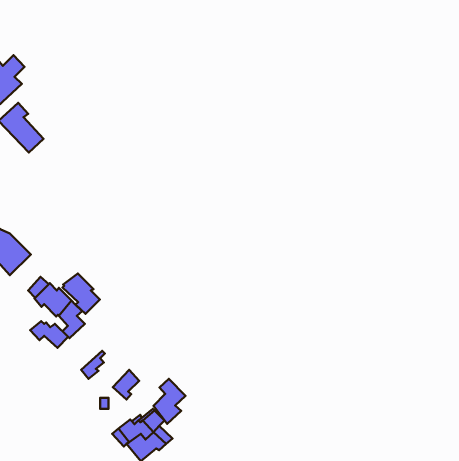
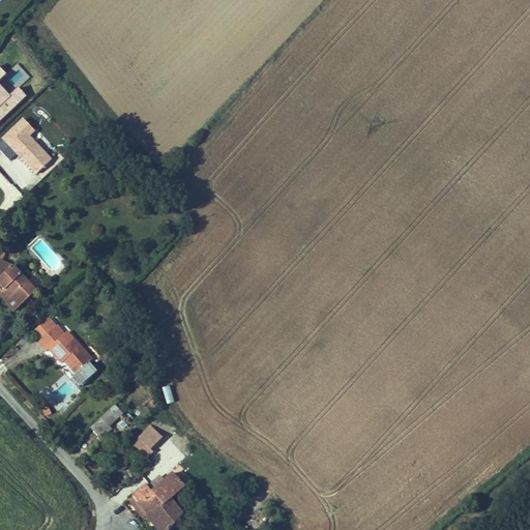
building: [63,273,100,314] -> none
building: [30,321,68,348] -> none
building: [154,379,186,424] -> none

